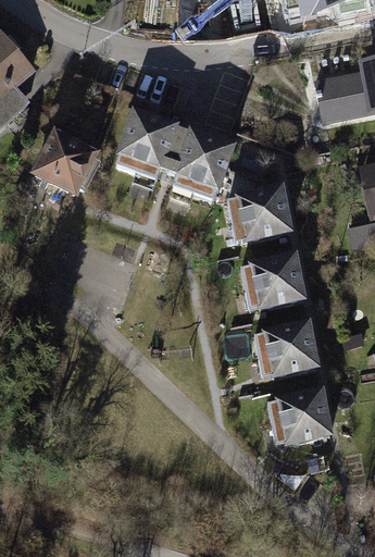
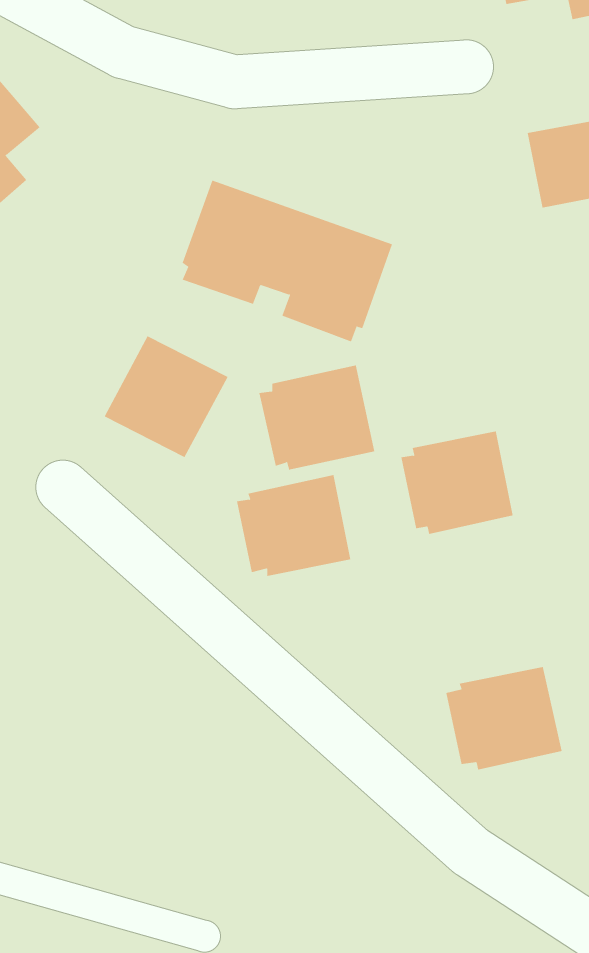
building: [28,125,100,196] -> [104,335,228,458]
building: [227,182,295,243] -> [258,365,375,470]
building: [254,318,321,376] -> [236,475,351,576]

